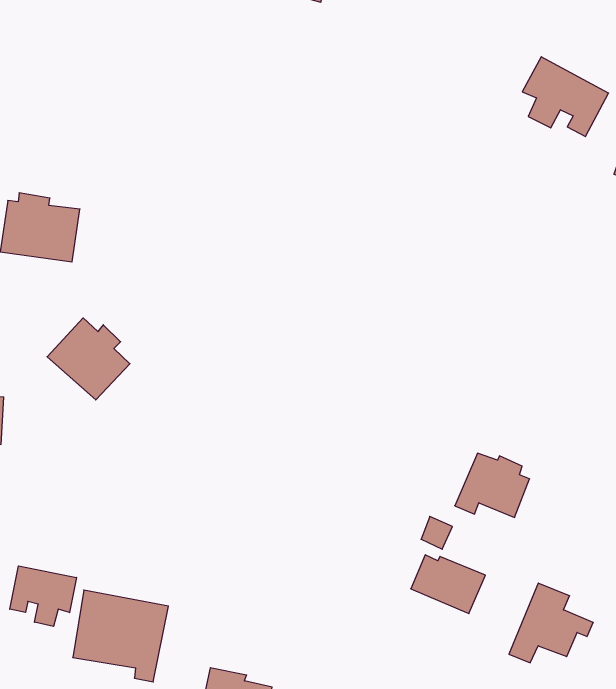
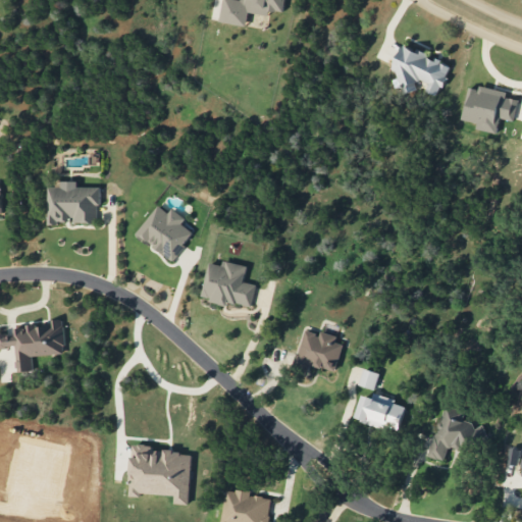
building: [47,318,130,400] -> [137,205,194,260]
building: none -> [201,260,255,308]
building: [455,453,530,517] -> [294,330,343,372]
building: [10,566,76,626] -> none

